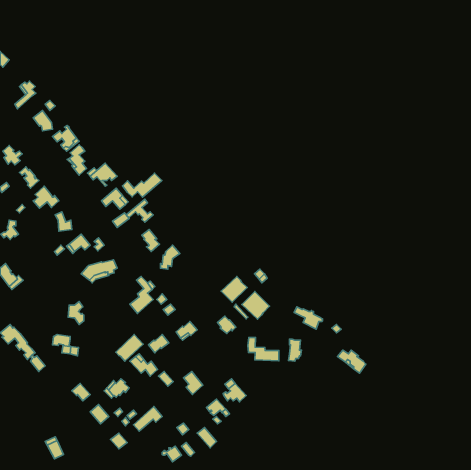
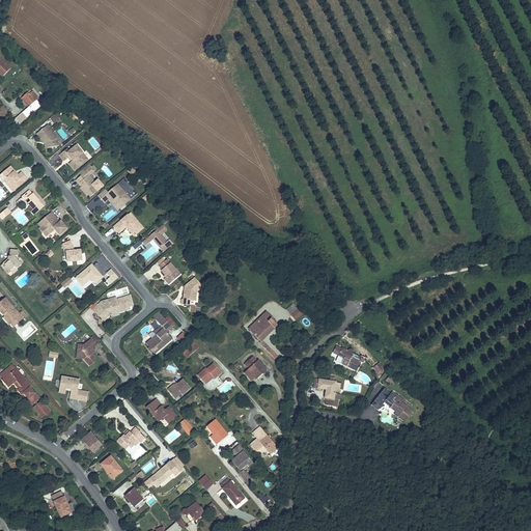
building: [122,173,162,197] -> none
building: [242,291,270,319] -> none
building: [116,334,143,361] -> none
building: [248,337,279,361] -> none

